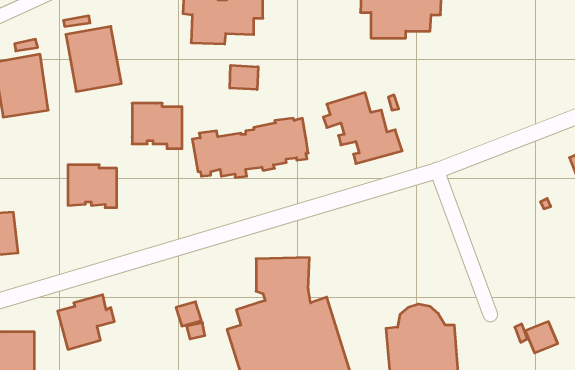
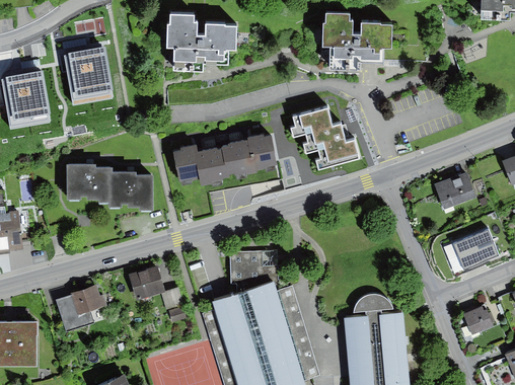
building: [230,65,258,90] -> none
building: [132,103,182,149] -> [108,178,152,218]
building: none -> [437,176,477,213]
building: none -> [453,233,498,272]
building: none -> [128,264,165,300]

